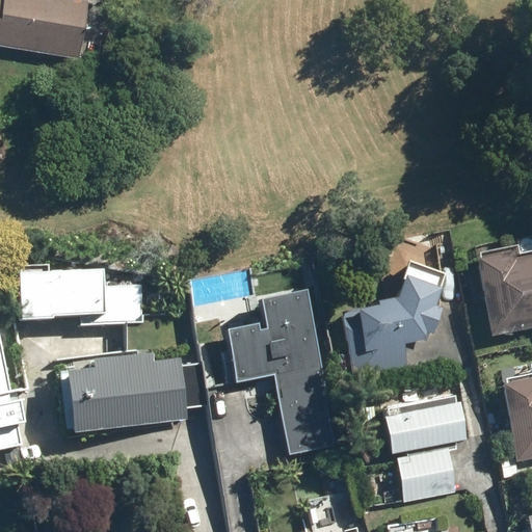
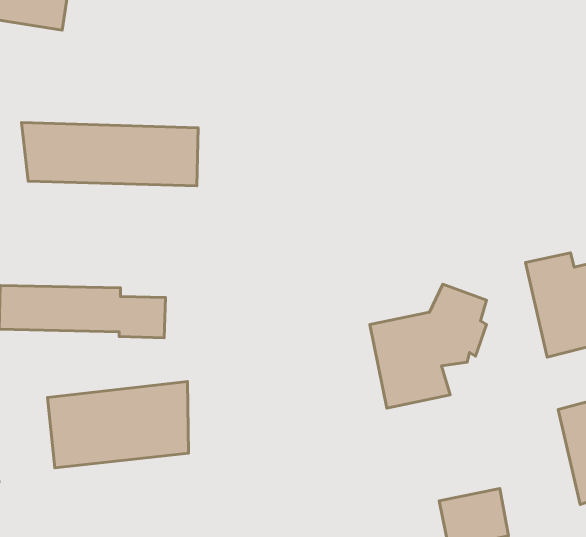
building: none -> [21,122,198,186]
building: [228,285,341,449] -> none
building: [384,401,467,453] -> none

